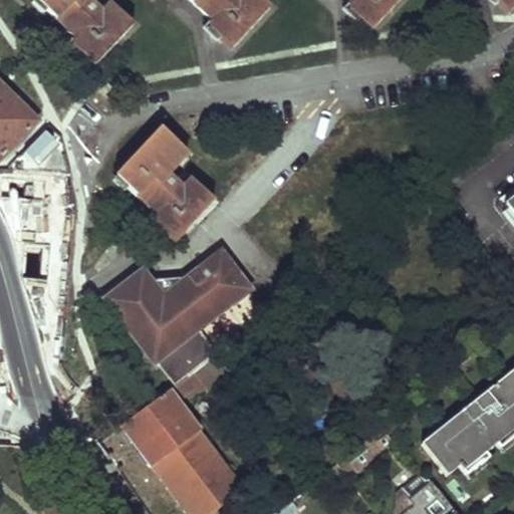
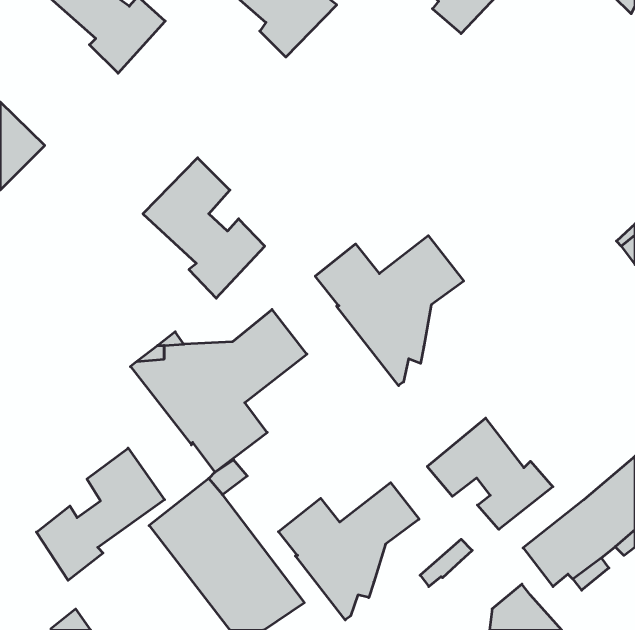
building: none -> [315,236,464,386]
building: none -> [427,418,553,529]
building: none -> [36,448,165,580]
building: none -> [278,483,419,620]

